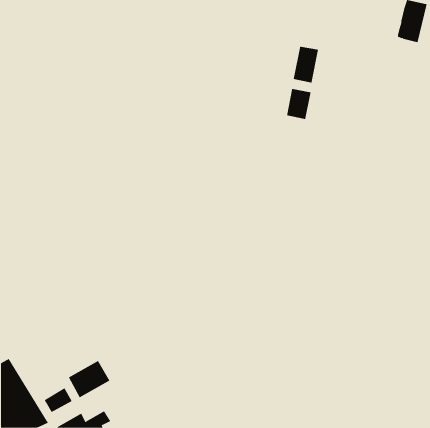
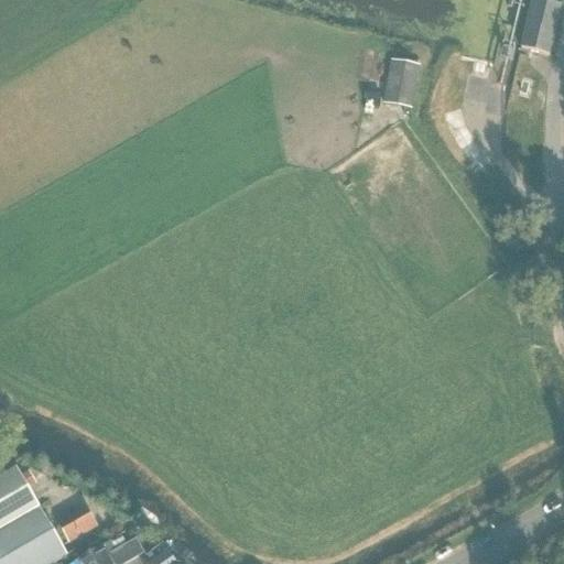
building: [286,88,311,120] -> none
building: [68,360,110,398] -> none

